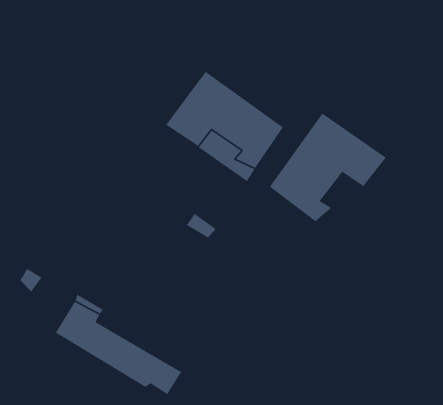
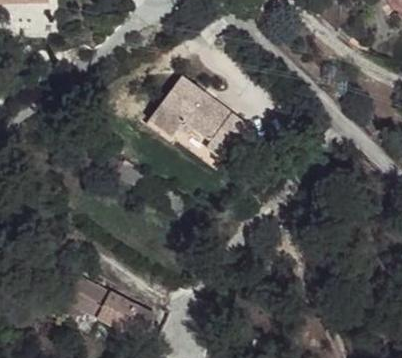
building: [269,113,387,222] -> none

